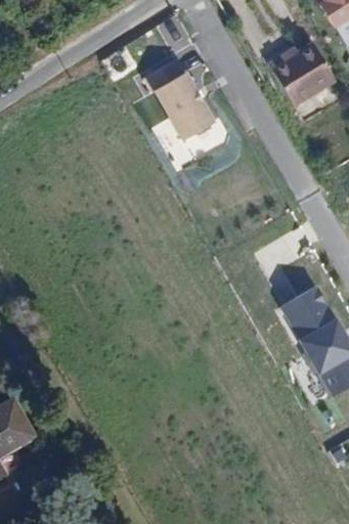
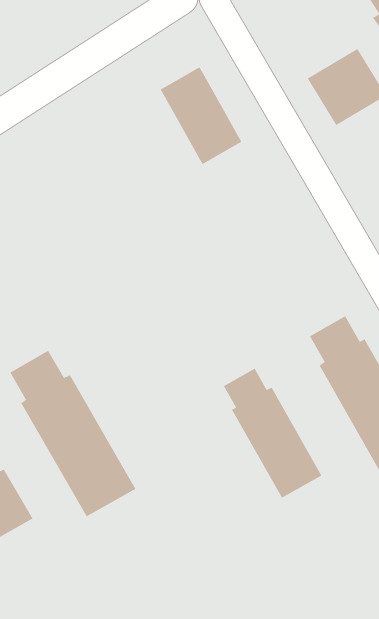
building: none -> [10,350,136,517]
building: none -> [223,368,322,498]

